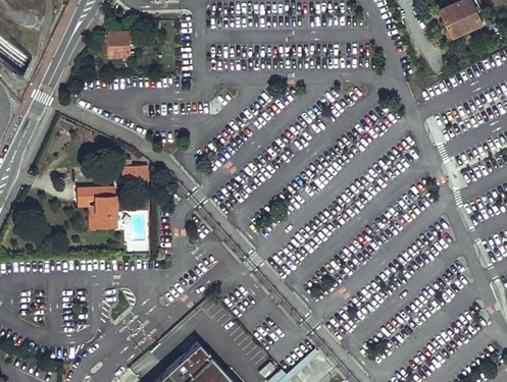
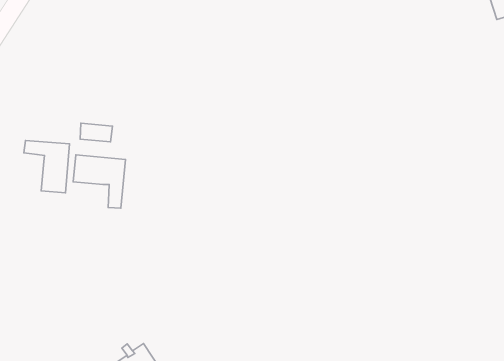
building: none -> [73,155,125,208]

